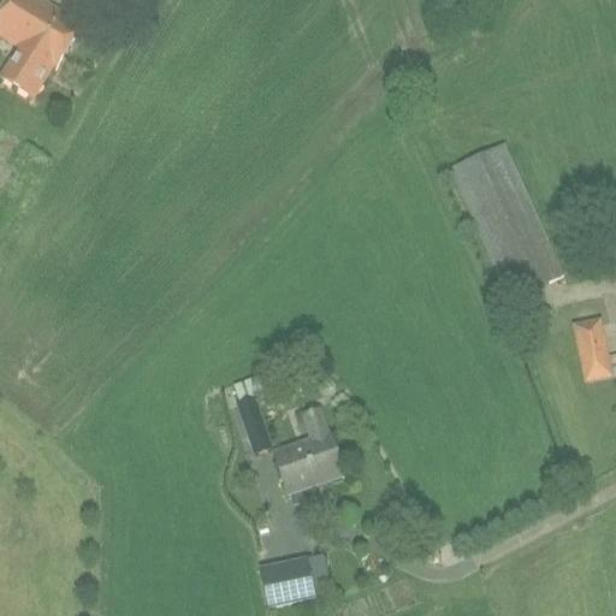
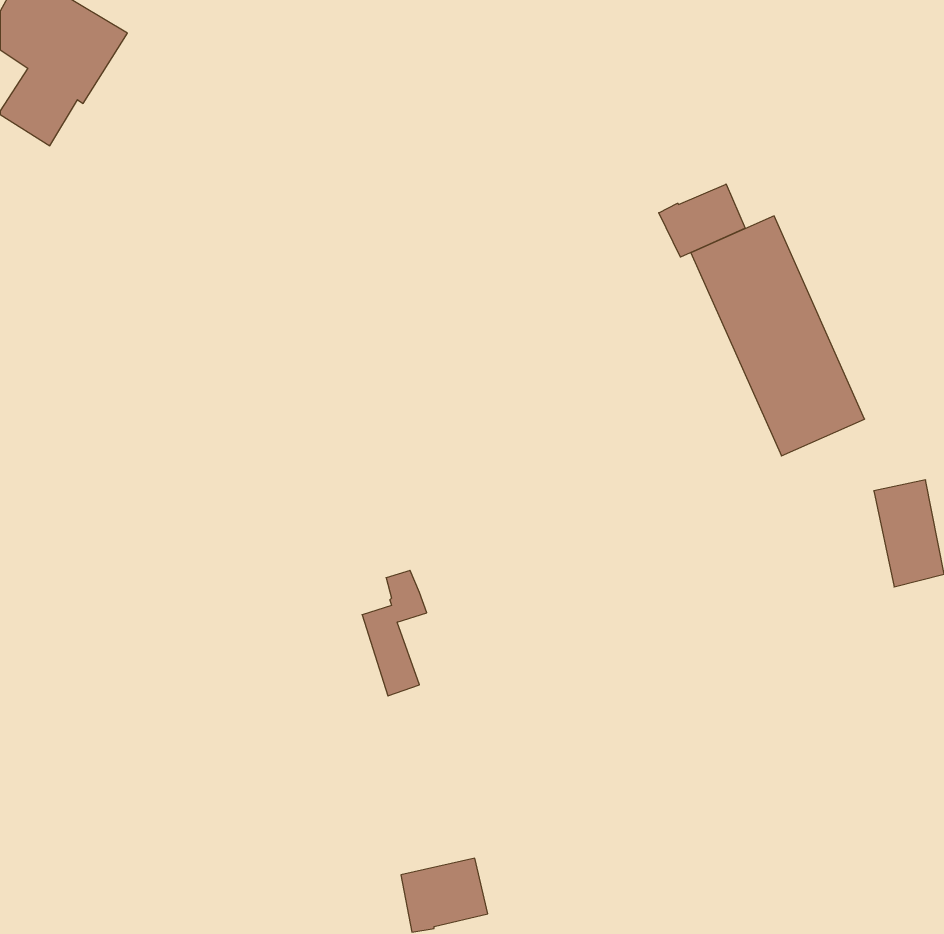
building: none -> [659,184,745,257]
building: [272,405,343,492] -> none

